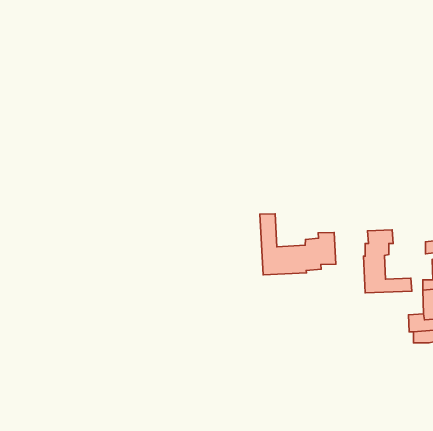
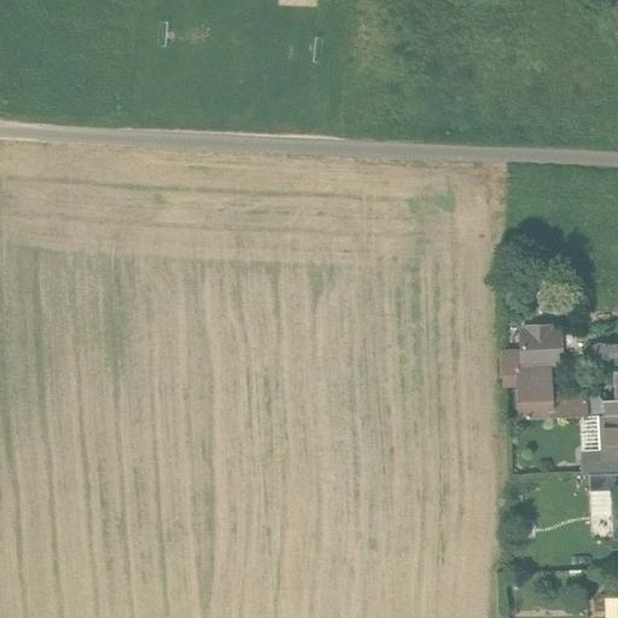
building: [260,214,336,275] -> none

